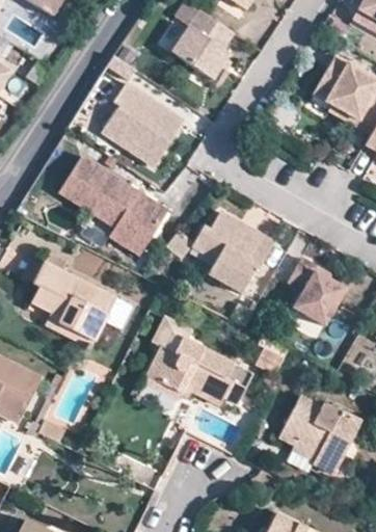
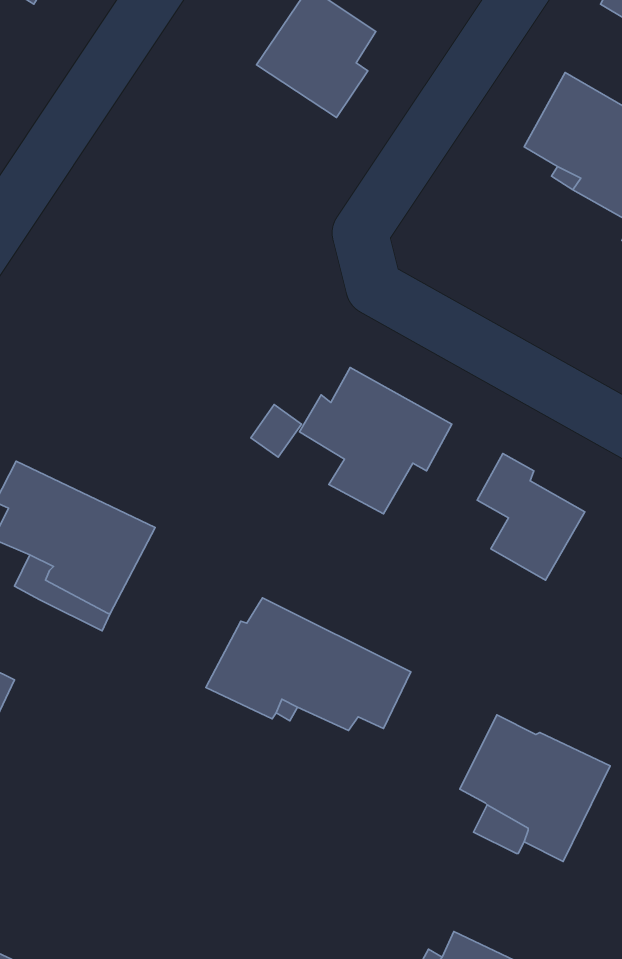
building: [101,81,184,165] -> none
building: [57,153,168,255] -> none

